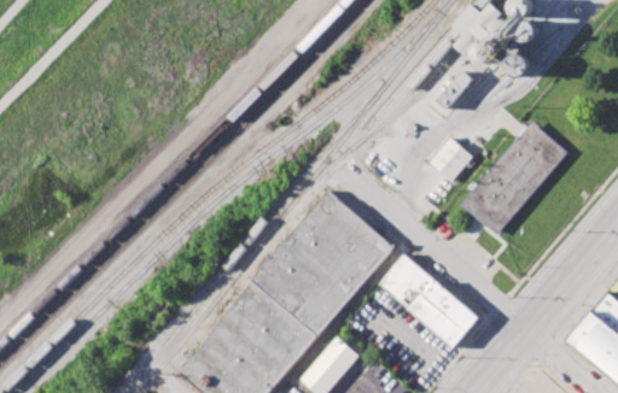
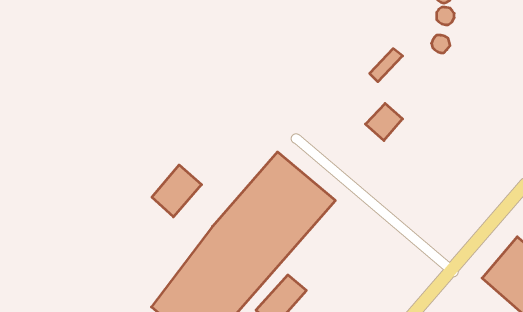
building: [461,123,569,235] -> none
building: none -> [152,165,202,217]
building: [379,254,480,350] -> none

